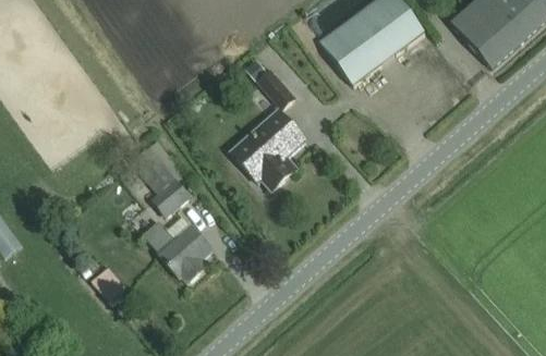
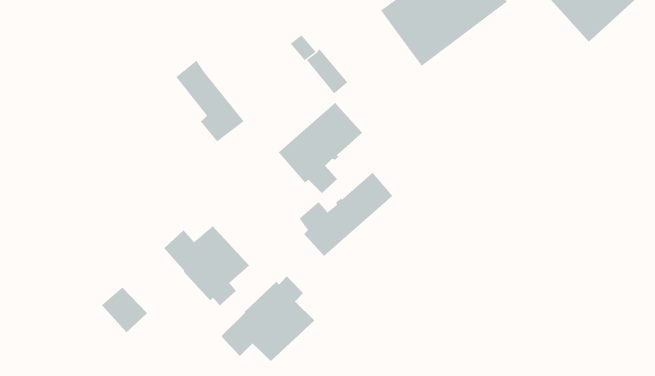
building: [132,146,189,213] -> [176,60,245,142]
building: none -> [299,172,393,257]
building: none -> [221,275,315,362]

